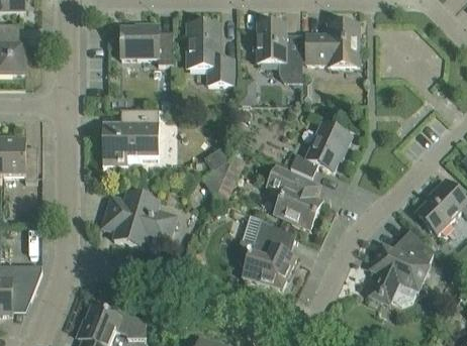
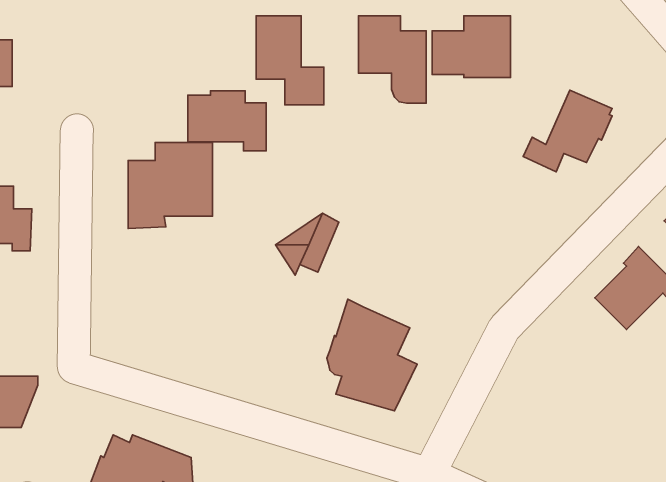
building: [120,23,173,64] -> [188,91,266,151]
building: [290,121,350,176] -> [523,90,612,172]
building: [268,166,321,228] -> none
building: [102,192,176,247] -> none
building: [369,235,433,304] -> none

